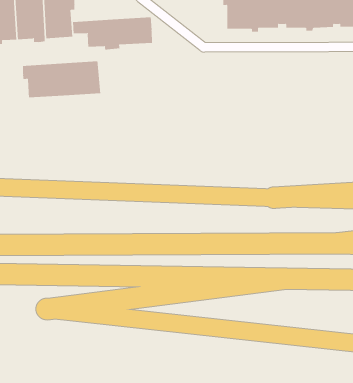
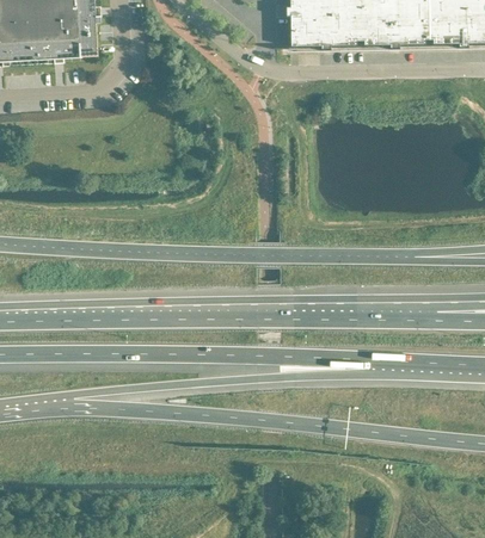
building: [72,17,153,50] -> none
building: [21,61,101,98] -> none

